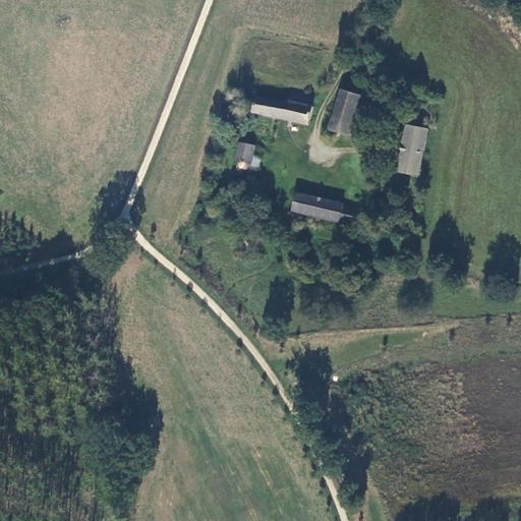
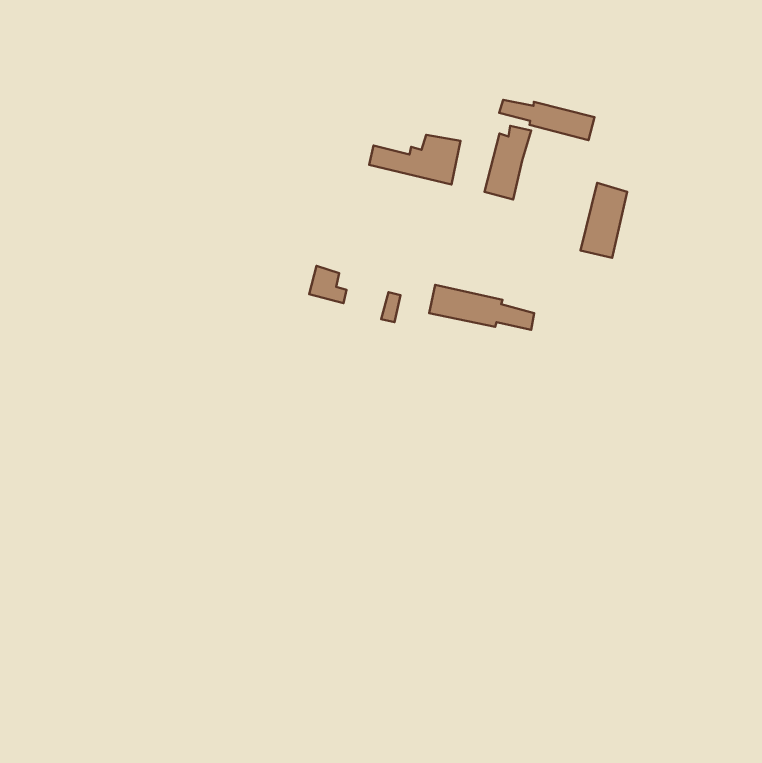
building: none -> [499,100,594,140]
building: [233,140,258,166] -> [309,266,347,303]

